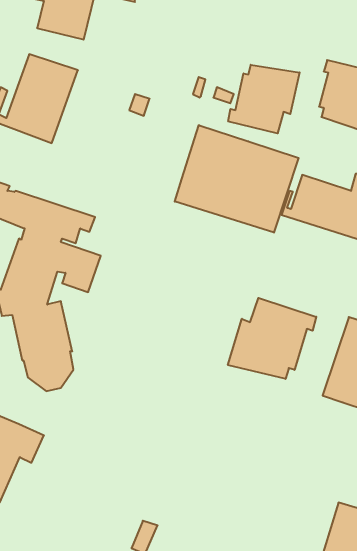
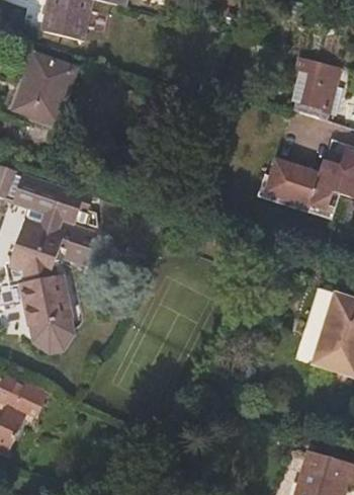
building: [228,65,300,133] -> none
building: [175,125,299,233] -> none
building: [228,298,316,379] -> none

